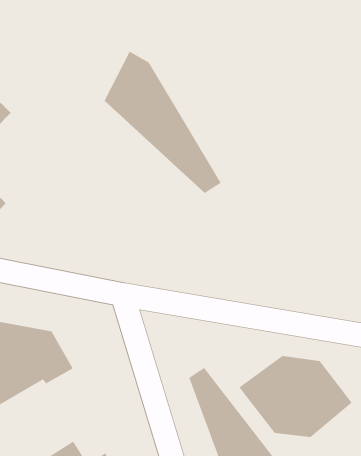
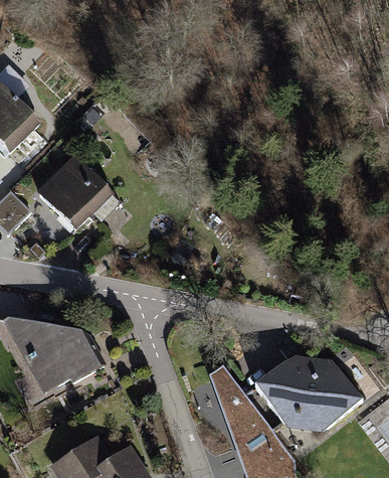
building: [104,51,222,194] -> none
building: none -> [39,158,115,233]

